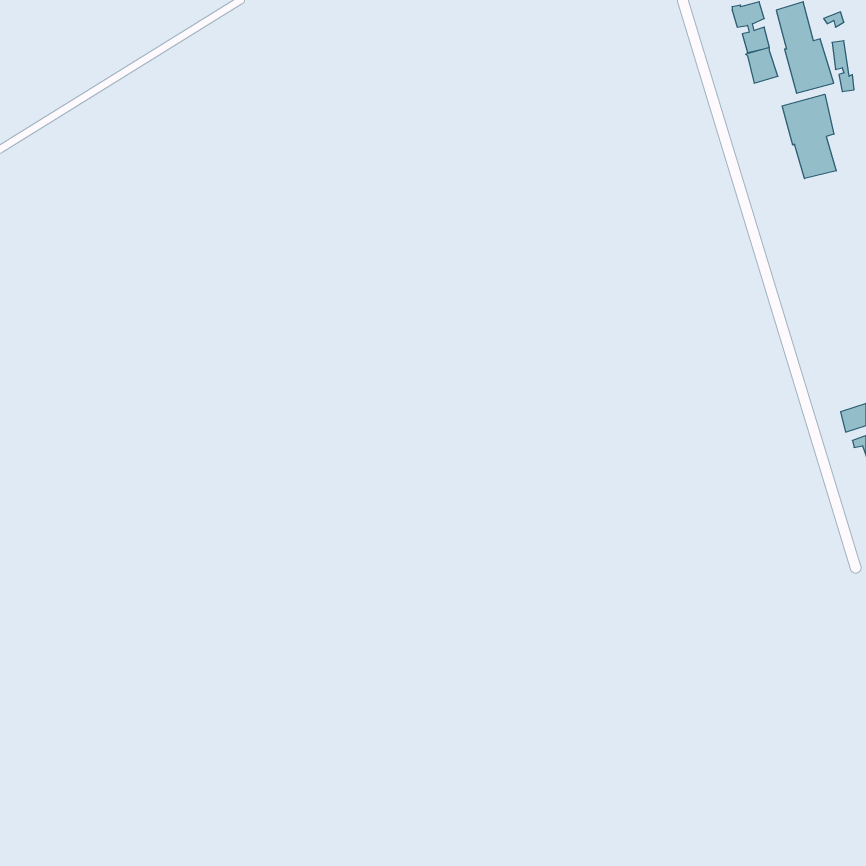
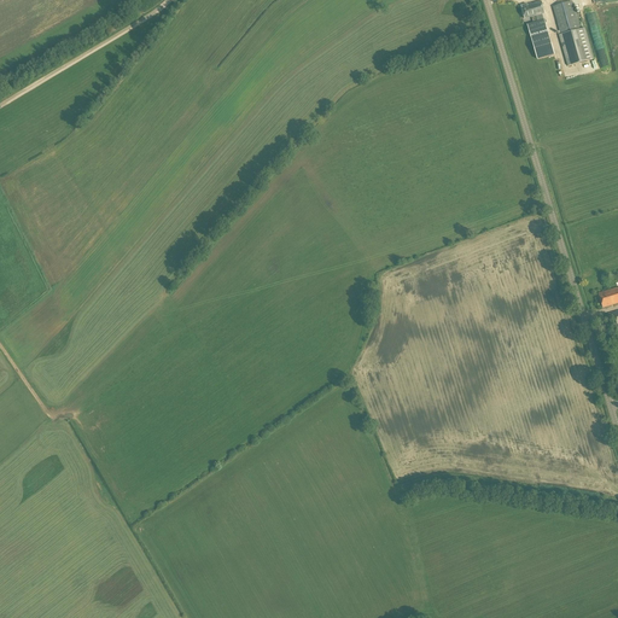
building: [782,94,836,179] -> none

